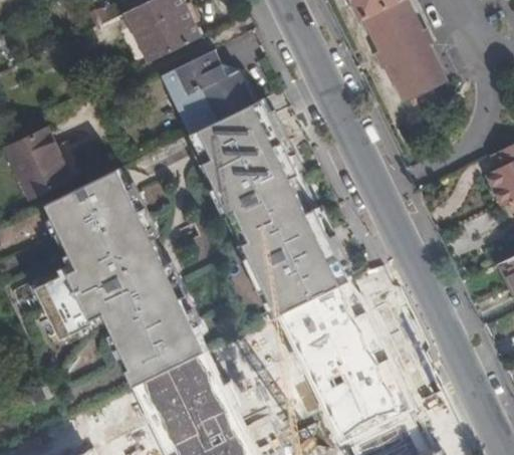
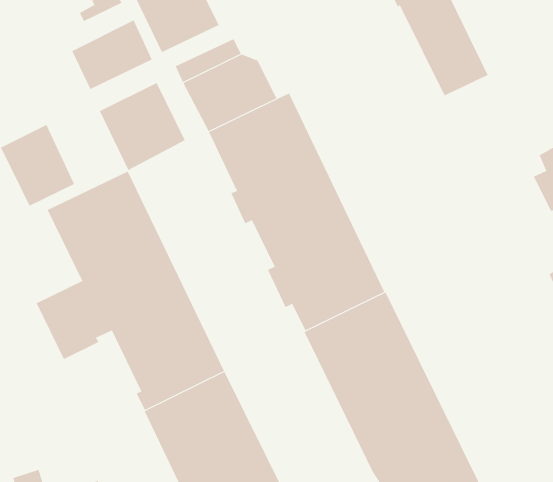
building: none -> [71,20,153,90]
building: none -> [99,82,186,171]

